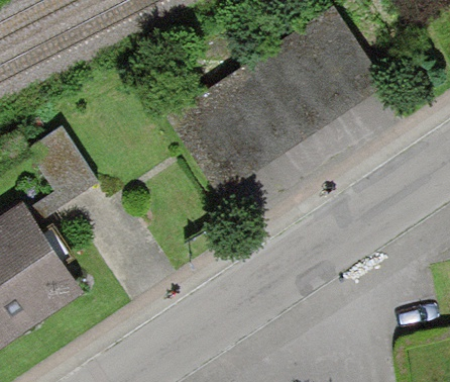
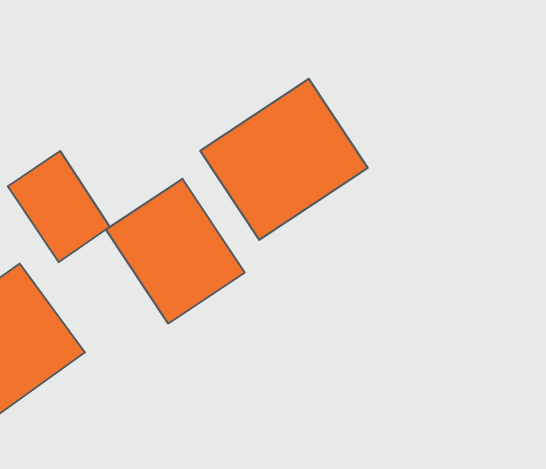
building: [252,16,380,138] -> none
building: none -> [106,179,245,323]

